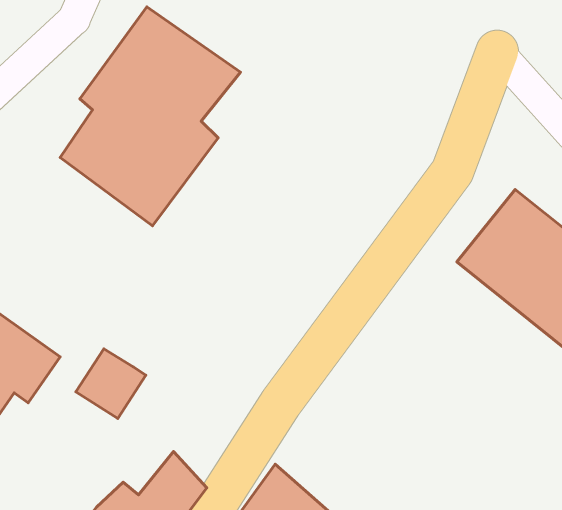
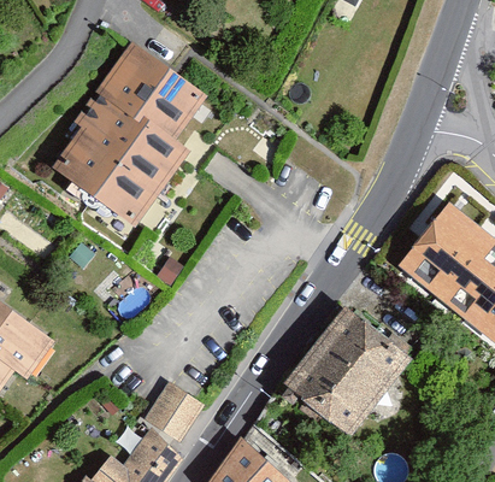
building: none -> [284,312,412,443]
building: [76,349,146,418] -> [146,382,206,442]

